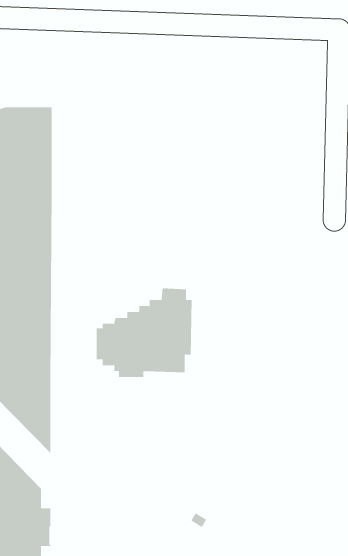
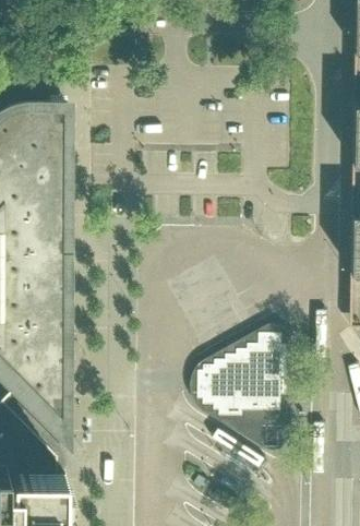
building: [96,288,193,377] -> [200,332,289,415]

